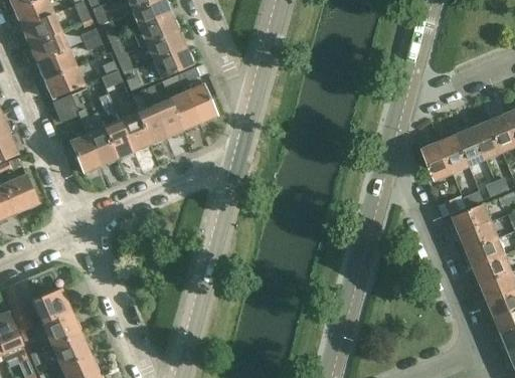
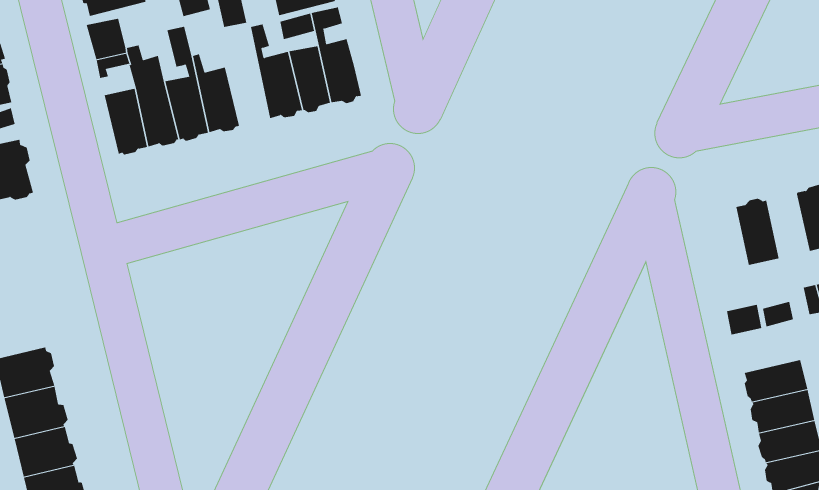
building: [135,87,165,145] -> none
building: [456,128,485,167] -> none
building: [422,142,452,181] -> none
building: [453,204,491,235] -> none

